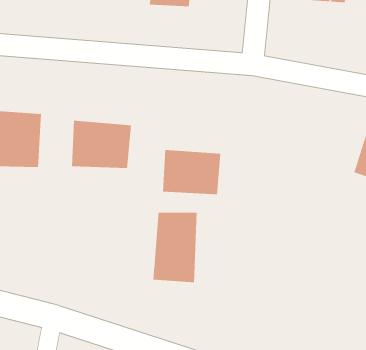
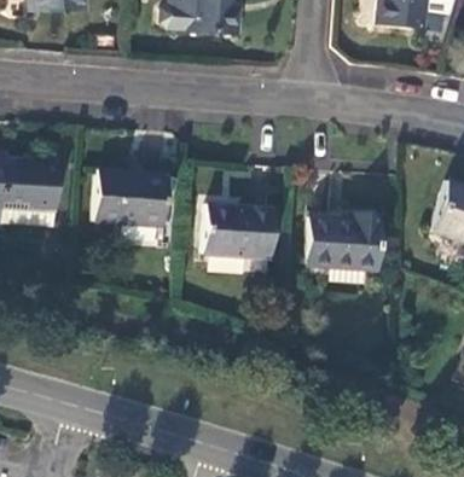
building: none -> [307,214,379,271]
building: [153,212,197,283] -> none

